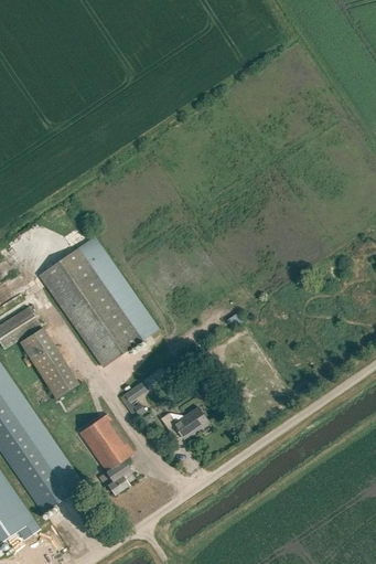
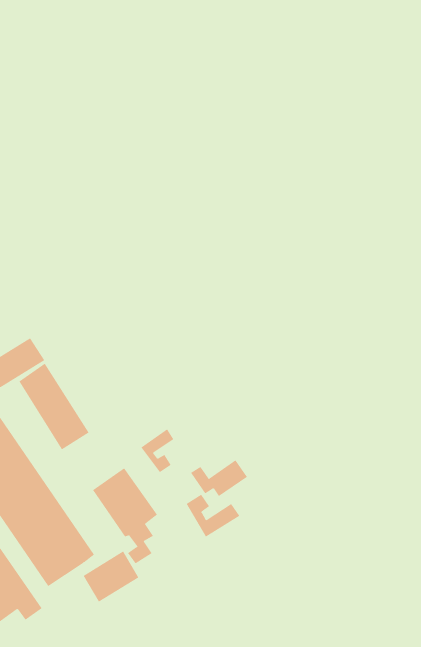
building: [39,237,157,366] -> none
building: none -> [186,494,240,537]
building: none -> [83,551,139,603]

